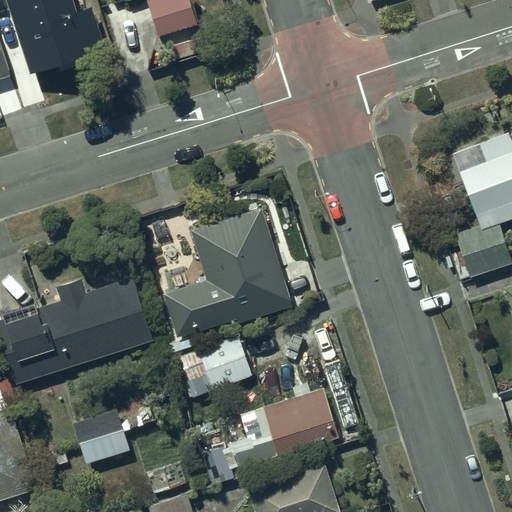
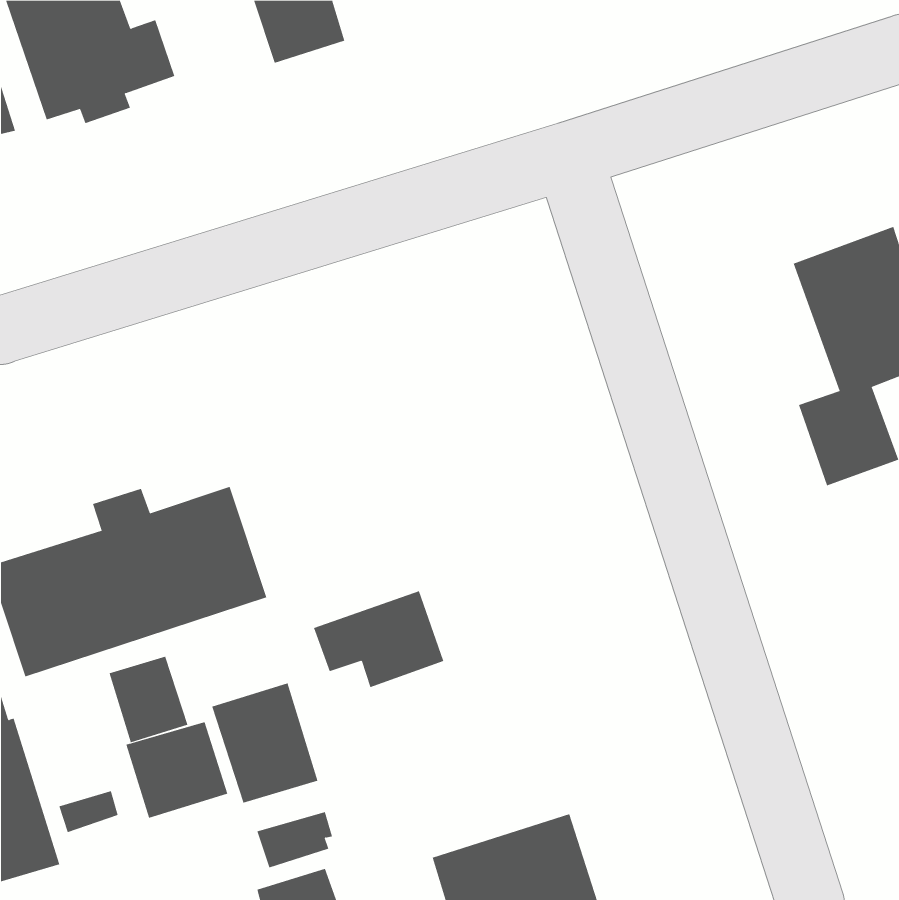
building: [162,208,292,338] -> none
building: none -> [109,656,188,743]
building: [230,386,339,467] -> none
building: none -> [211,683,318,804]

